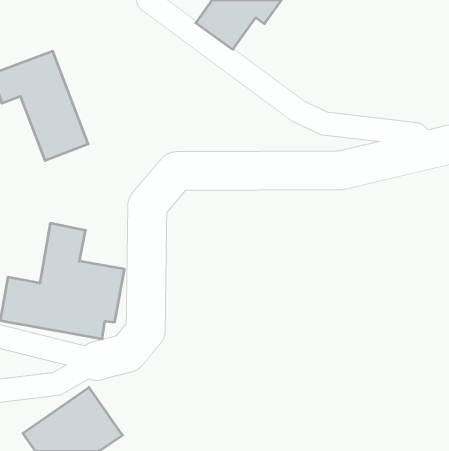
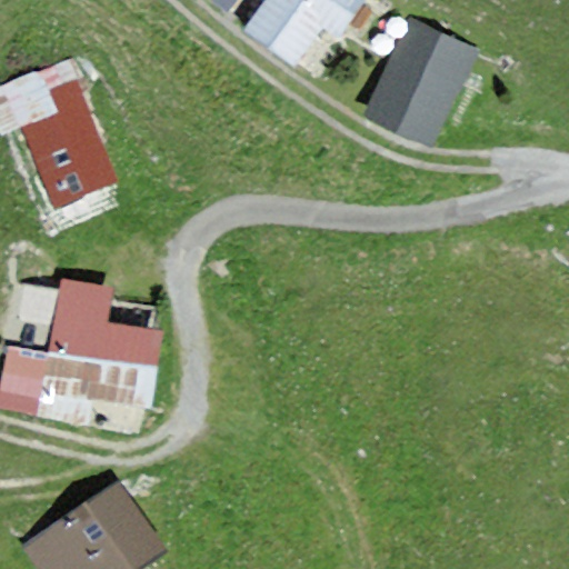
building: none -> [368,22,473,142]

